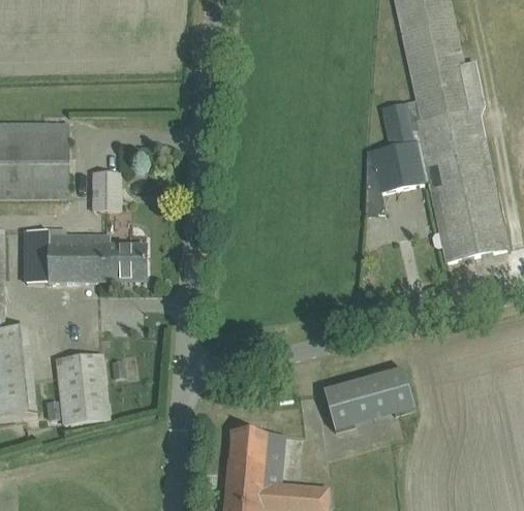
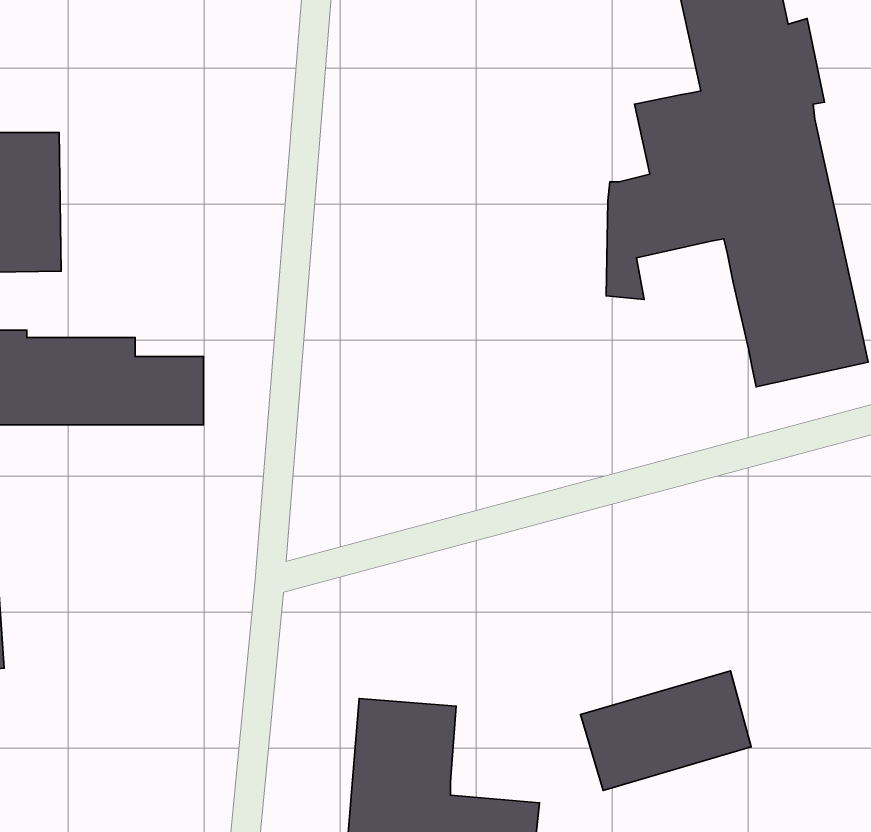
building: [93,173,120,210] -> none
building: [57,354,109,424] -> none
building: [321,368,414,433] -> [580,671,751,790]

